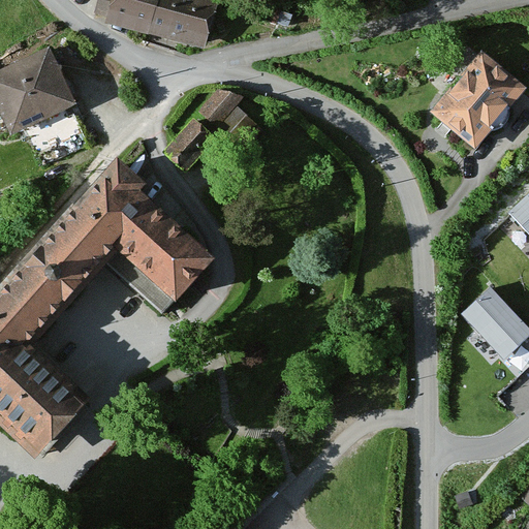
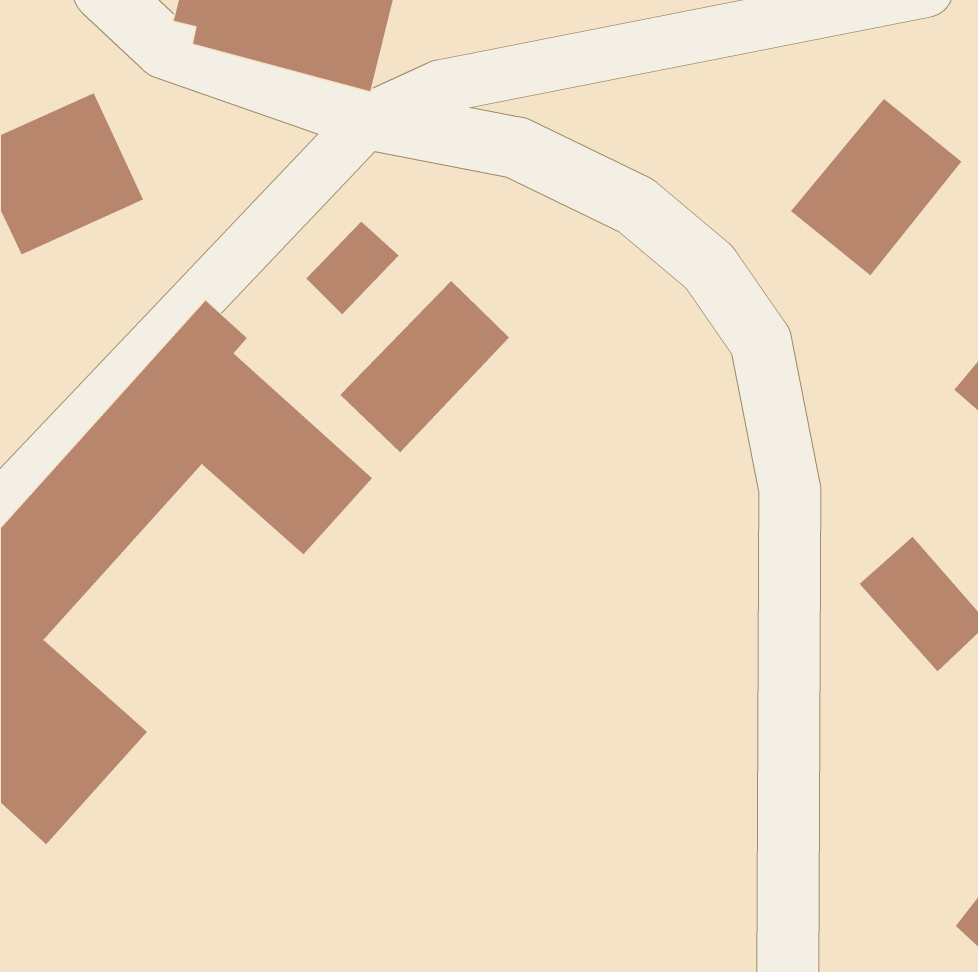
building: [200,89,249,135] -> none
building: none -> [340,280,510,453]

